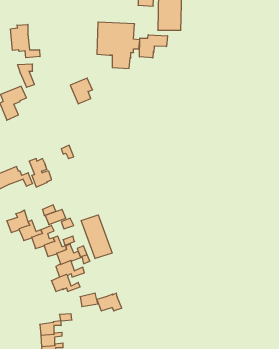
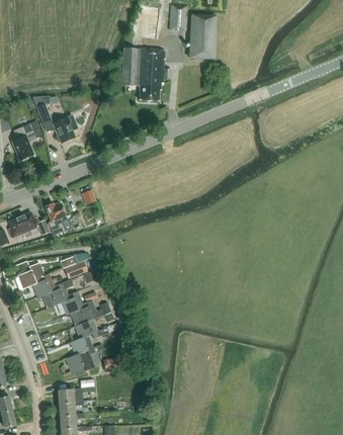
building: [11,24,40,58] -> none
building: [140,35,167,58] -> none
building: [70,78,93,104] -> [53,114,78,144]
building: [81,215,112,259] -> none
building: [97,293,122,311] -> [66,350,94,370]

